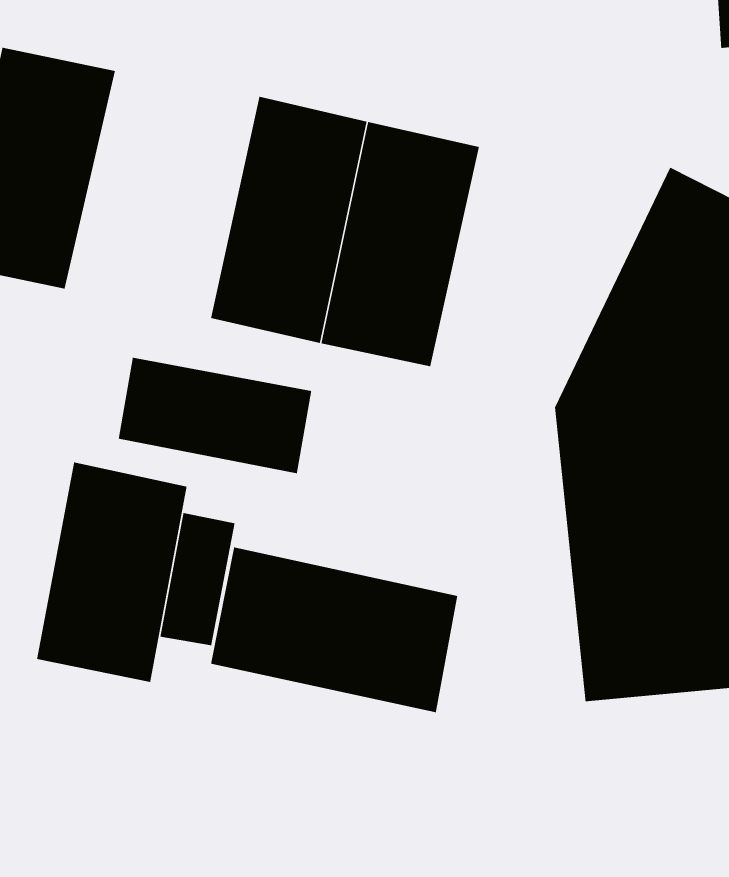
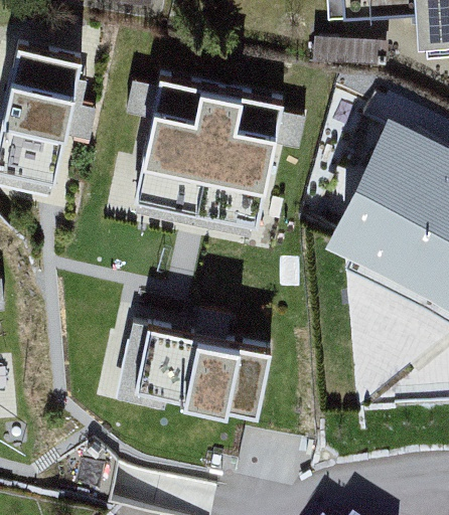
building: [118,357,312,474] -> none
building: [36,461,188,683] -> none

